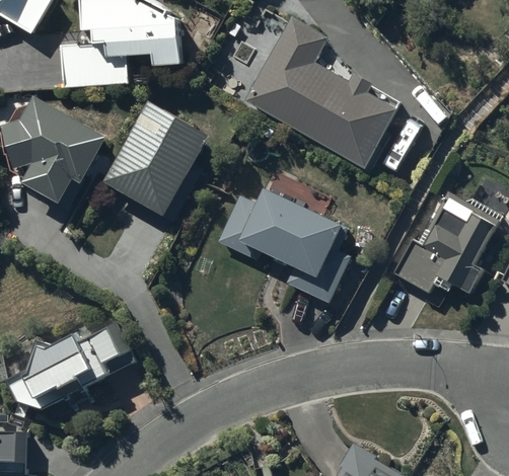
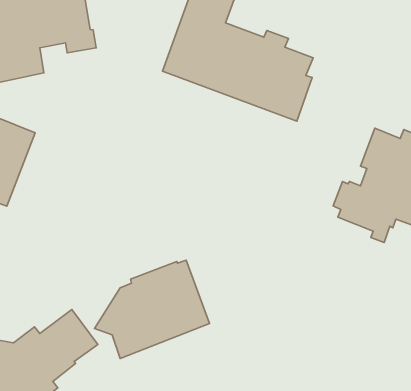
building: [102,102,209,219] -> none
building: [218,189,350,302] -> none
building: none -> [94,260,209,359]

